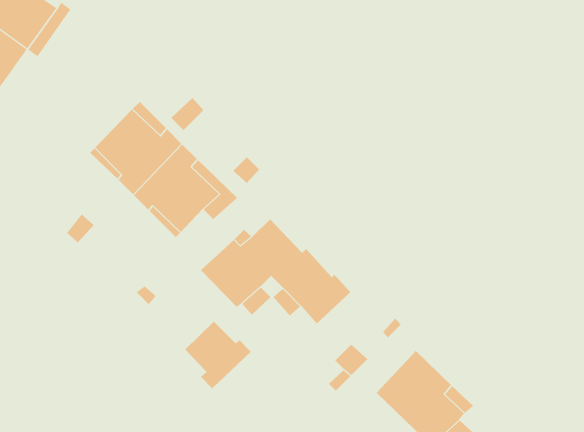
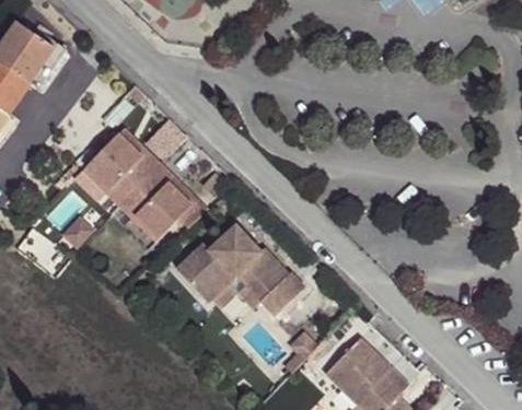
building: [184,321,252,389] -> none

